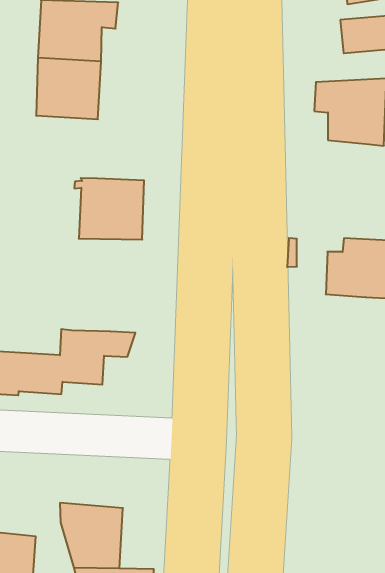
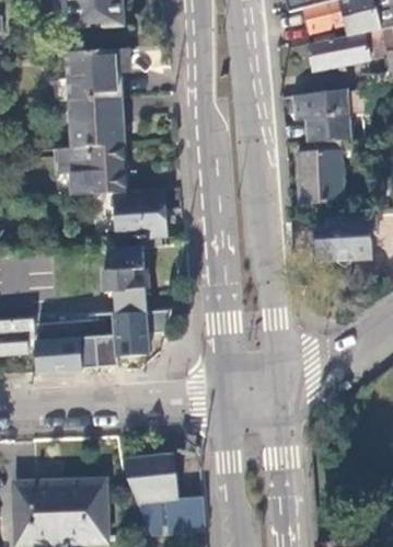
building: none -> [53,144,126,194]
building: none -> [296,141,345,204]
building: none -> [106,246,149,314]

